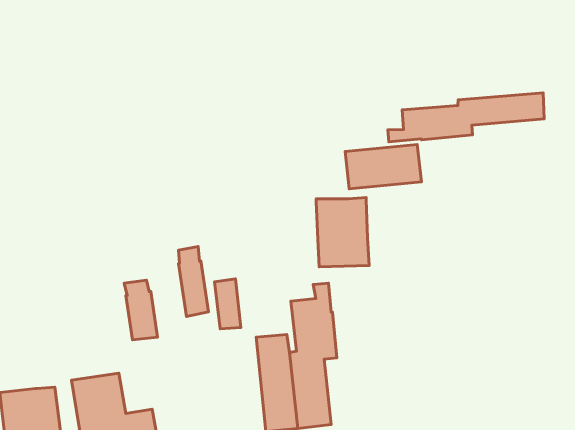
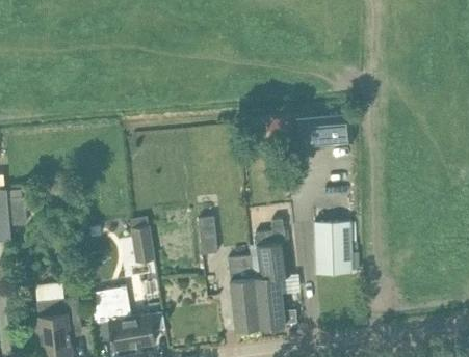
building: [388,93,544,142] -> none
building: [316,198,369,267] -> [313,222,353,274]
building: [178,246,208,316] -> none

